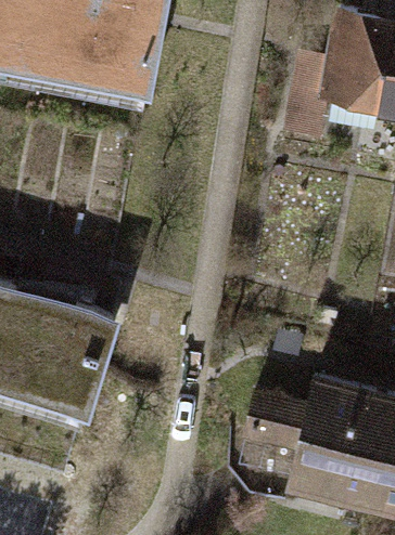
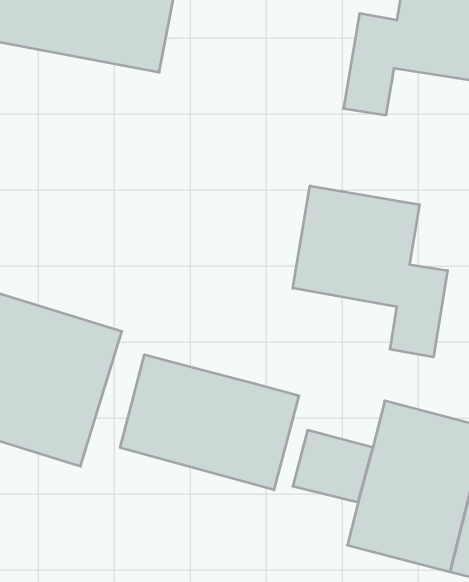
building: none -> [293,186,448,357]
building: none -> [120,355,299,490]

